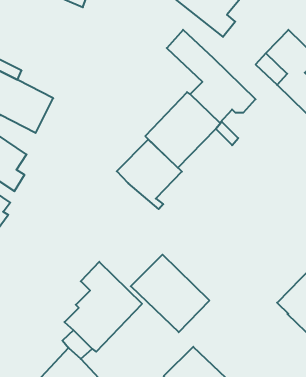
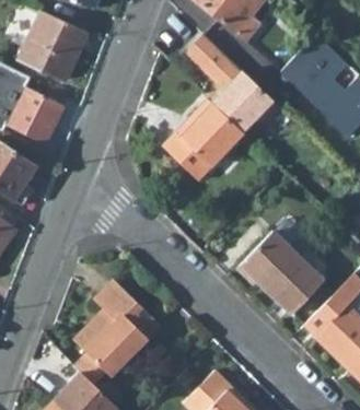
building: none -> [16,10,88,82]
building: [117,139,182,209] -> none
building: [131,255,209,332] -> [239,231,323,314]

